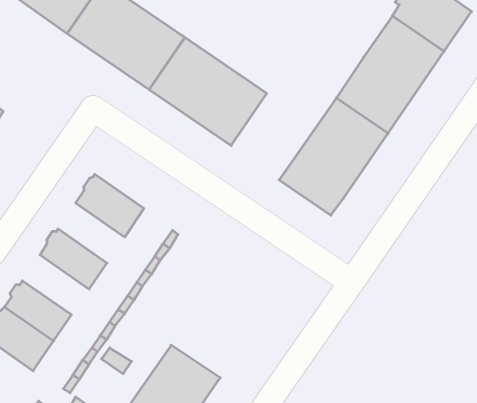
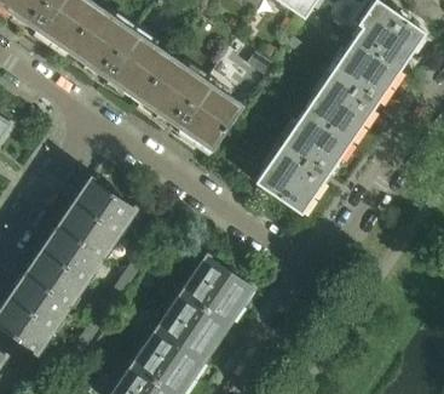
building: none -> [58,202,117,256]
building: none -> [27,249,86,302]
building: none -> [158,256,250,358]

